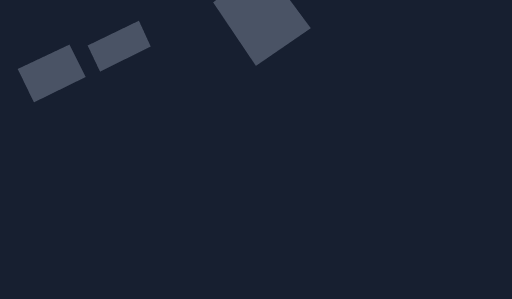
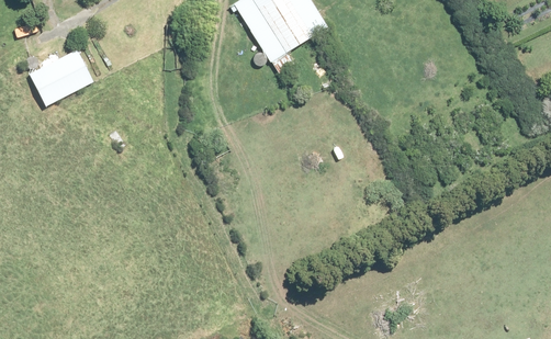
building: [87,20,152,72] -> none

